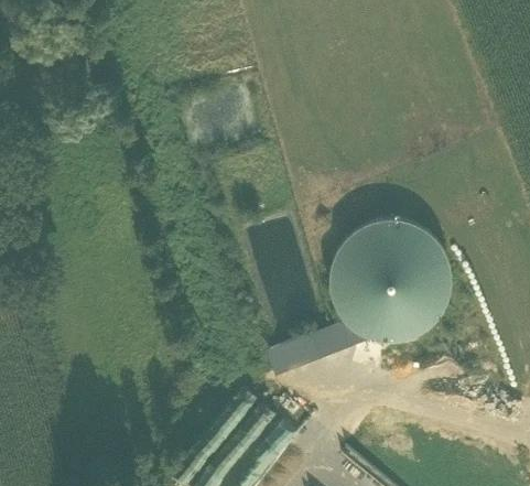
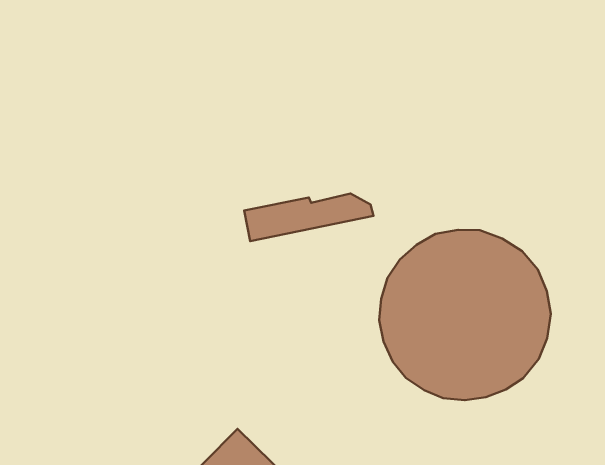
building: [266,330,357,375] -> [244,193,373,241]

